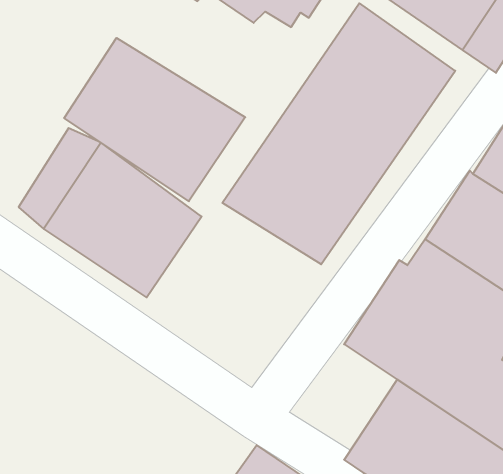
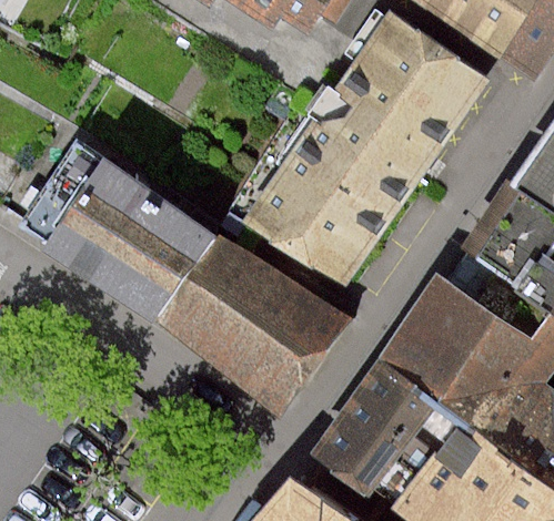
building: [64,38,245,201] -> none
building: none -> [160,234,354,407]
building: none -> [313,370,427,493]

